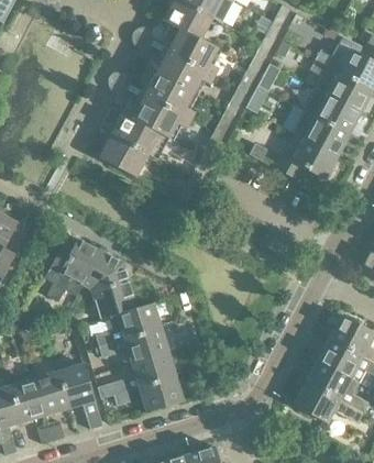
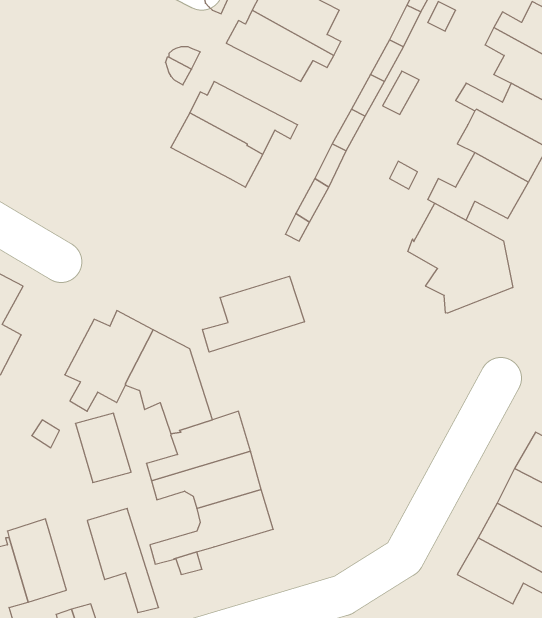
building: [139,68,196,120] -> none
building: [99,134,149,177] -> none
building: none -> [408,203,513,313]
building: none -> [203,276,304,352]
building: [34,371,69,415] -> [75,413,131,483]
building: [139,376,184,411] -> none

